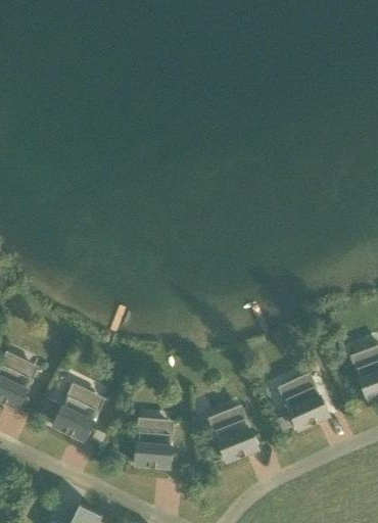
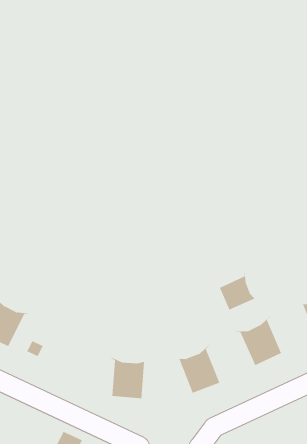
building: none -> [219,272,258,310]
building: [53,378,108,436] -> none

